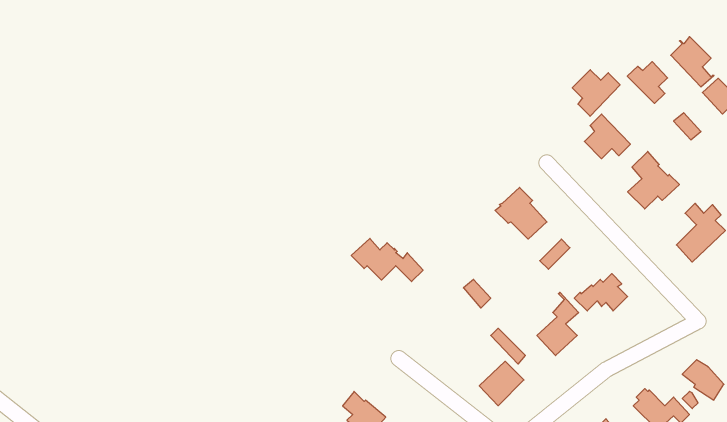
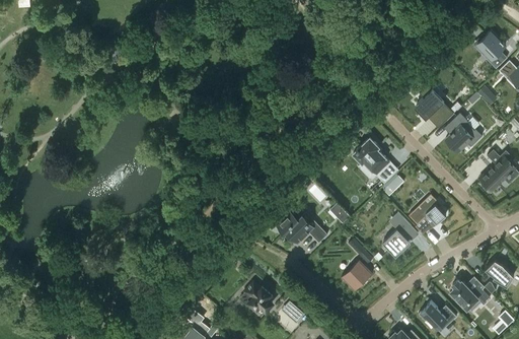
building: [627,62,668,103] -> none
building: [572,70,620,116] -> none
building: [351,238,423,282] -> [277,213,327,244]

